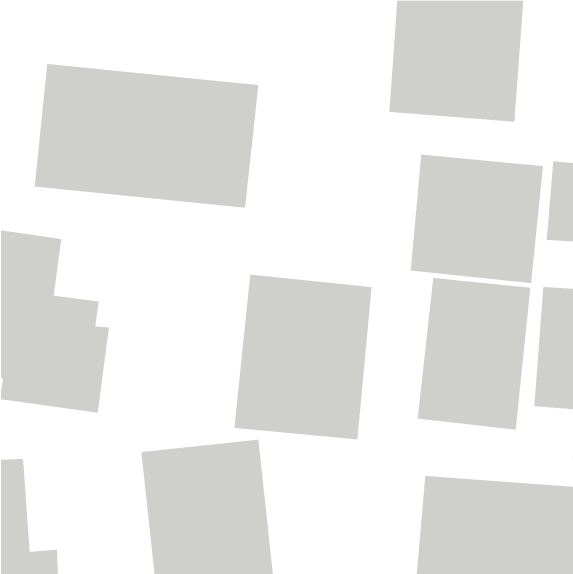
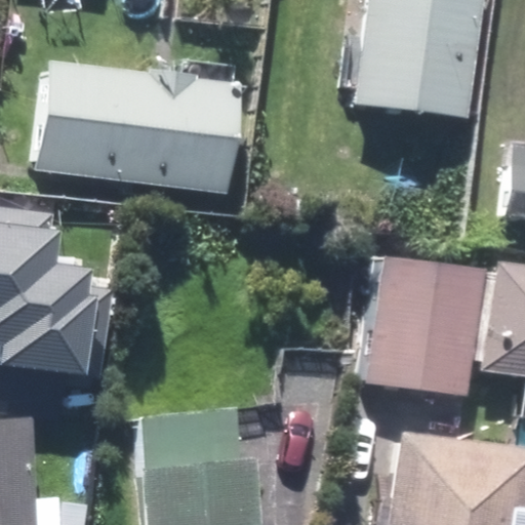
building: [410,154,544,284] -> none
building: [234,274,372,440] -> none

